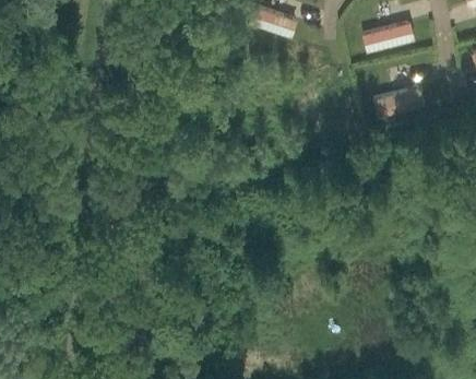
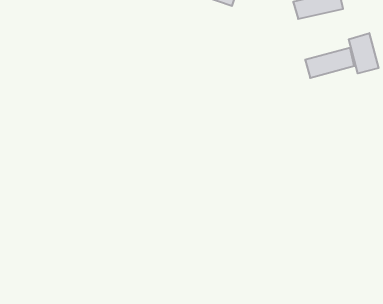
building: none -> [349,33,379,73]

